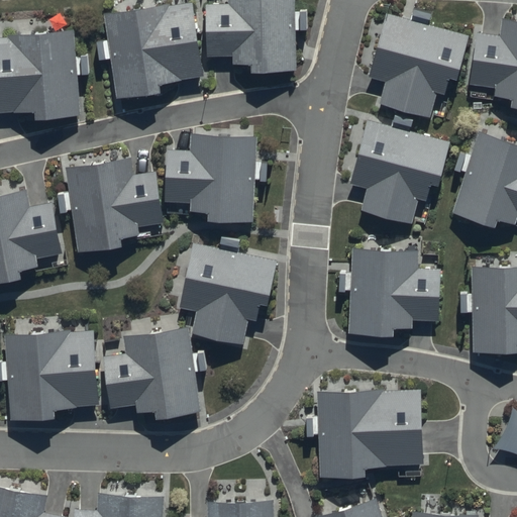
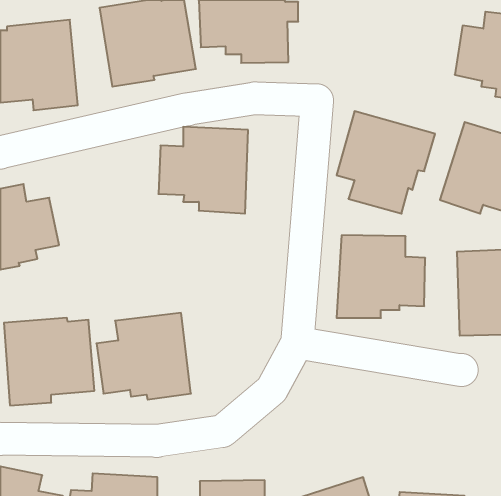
building: [366,13,468,118] -> none
building: [67,164,164,255] -> none
building: [176,241,276,346] -> none
building: [317,388,423,476] -> none

